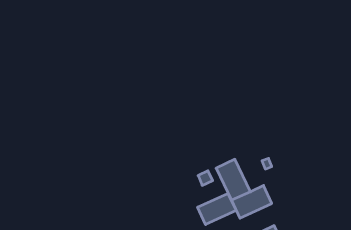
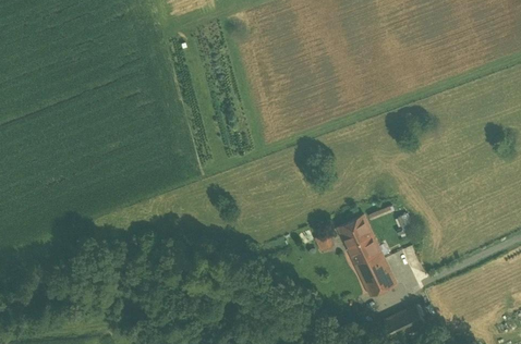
building: [198,194,236,225] -> none

